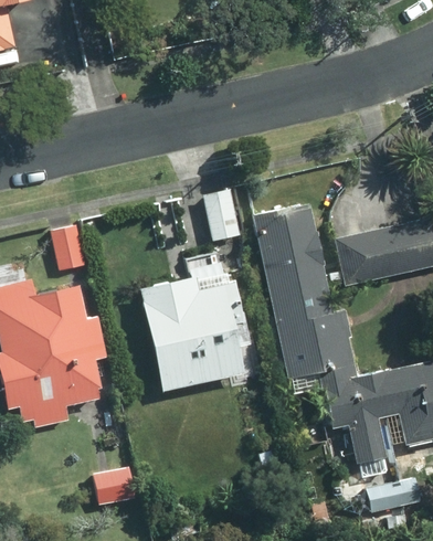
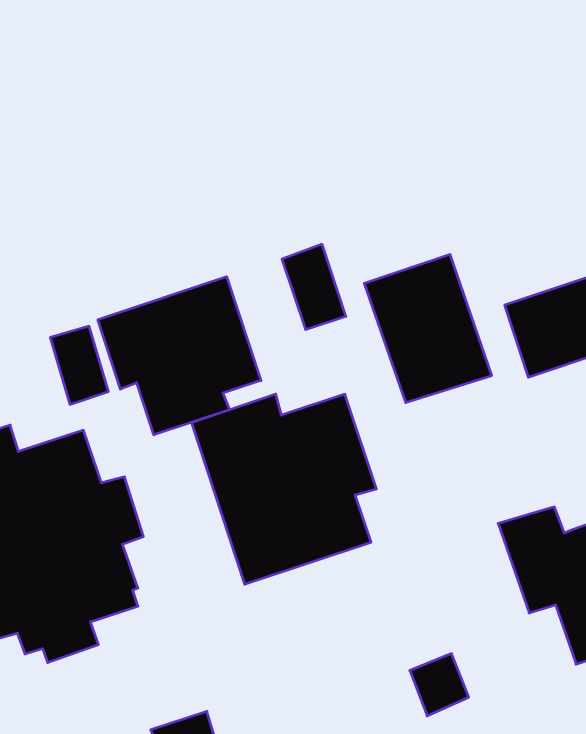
building: none -> [98,277,261,435]
building: [271,280,355,378] -> none

